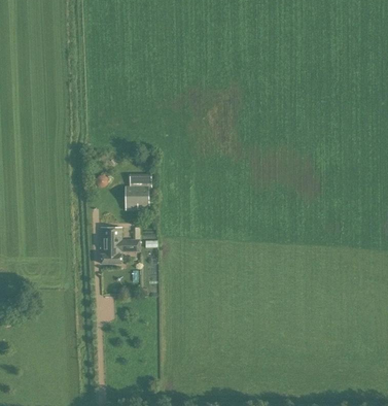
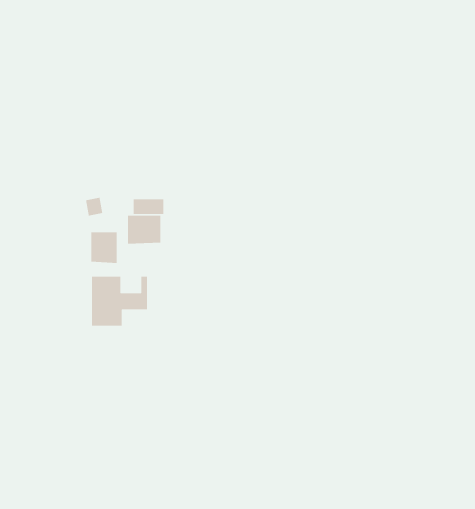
building: none -> [91,231,118,264]

